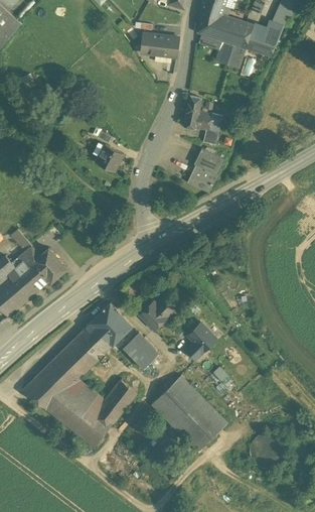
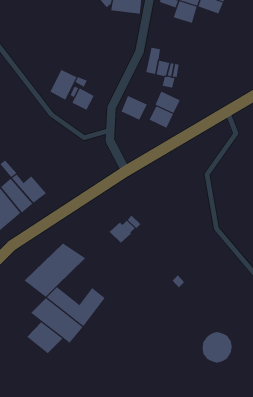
building: none -> [50,69,77,101]
building: none -> [121,95,147,120]
building: [86,303,132,346] -> none
building: [186,323,216,359] -> none
building: [122,333,159,369] -> none
building: [22,372,65,410] -> [27,321,63,354]
building: [151,375,227,453] -> none

